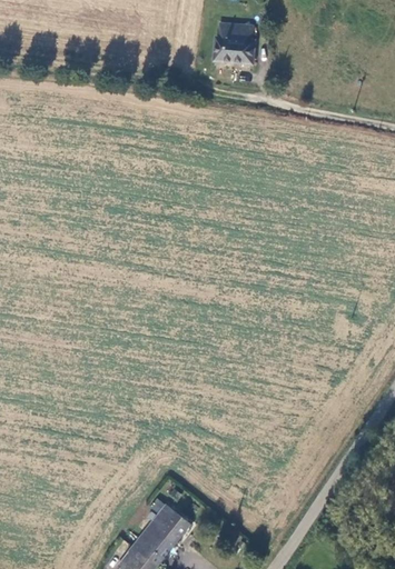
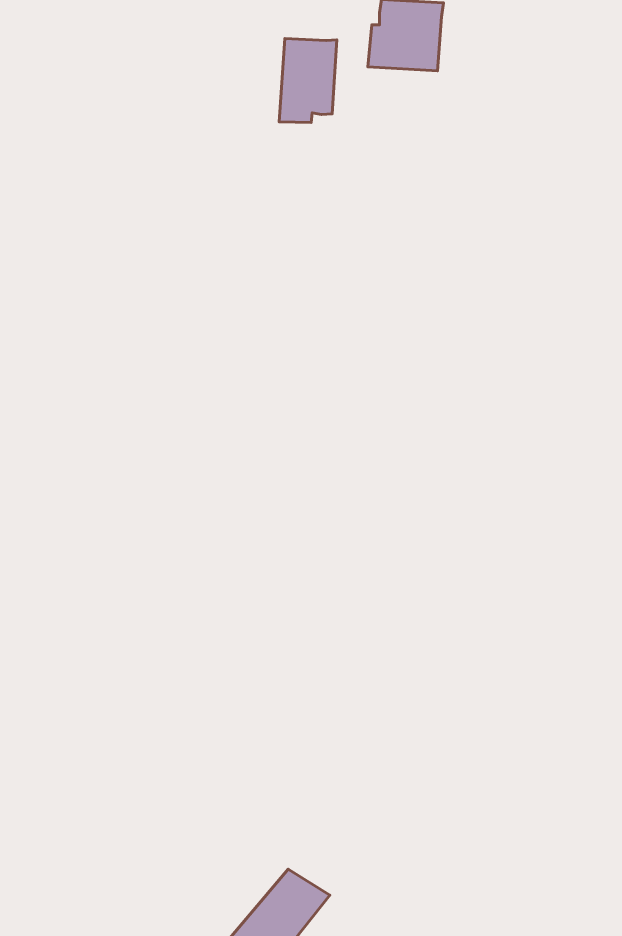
building: none -> [279,38,337,122]

